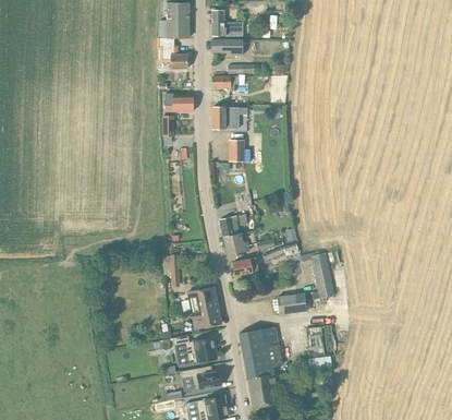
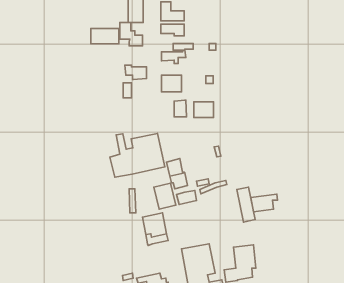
building: none -> [91,29,119,44]
building: none -> [194,102,213,118]
building: none -> [110,133,165,177]
building: none -> [154,183,176,209]
building: [277,291,311,314] -> [251,194,278,212]
building: [172,334,218,362] -> none

